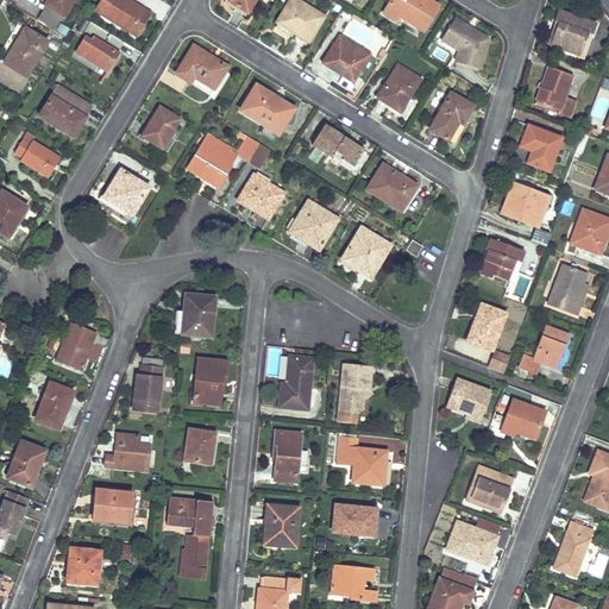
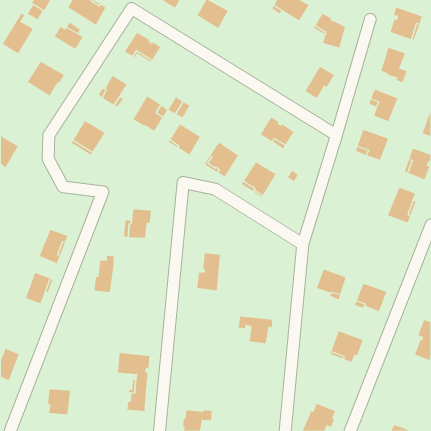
building: [322,43,365,81] -> none
building: [378,64,420,111] -> none
building: [239,84,293,133] -> none
building: [310,124,363,167] -> none
building: [13,132,61,177] -> none
building: [479,238,523,281] -> none
building: [466,304,504,349] -> none
building: [517,325,567,373] -> none
building: [193,358,226,404] -> none
building: [338,362,370,412] -> none
building: [183,428,214,464] -> none
building: [272,431,308,481] -> none
building: [103,434,149,470] -> none
building: [6,441,44,485] -> none
building: [92,489,132,523] -> none
building: [265,503,297,546] -> none
building: [332,504,376,534] -> none
building: [446,521,496,564] -> none
building: [552,521,592,576] -> none
building: [329,564,377,602] -> none

